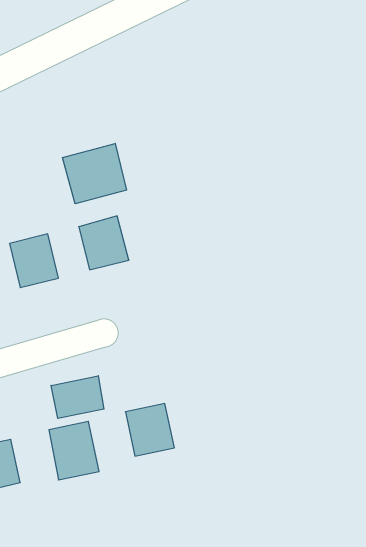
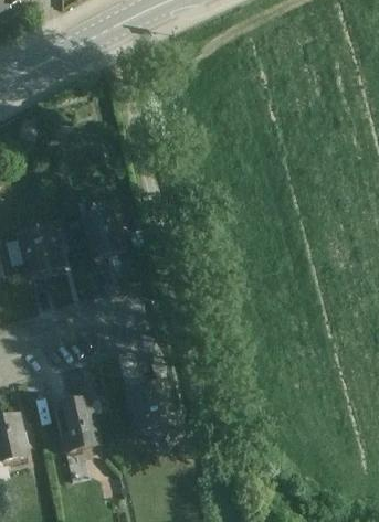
building: [63,143,127,204] -> none
building: [51,376,104,418] -> none

